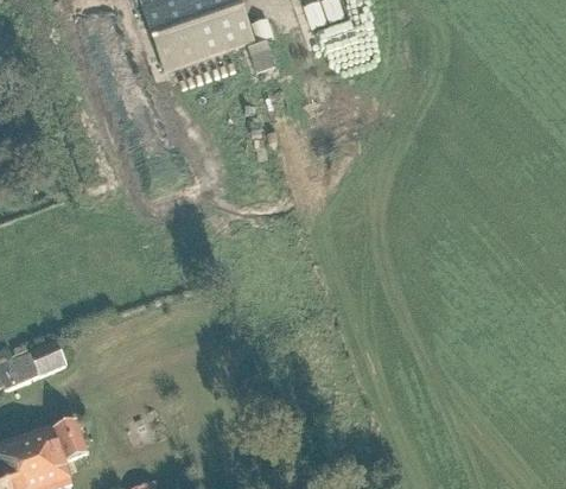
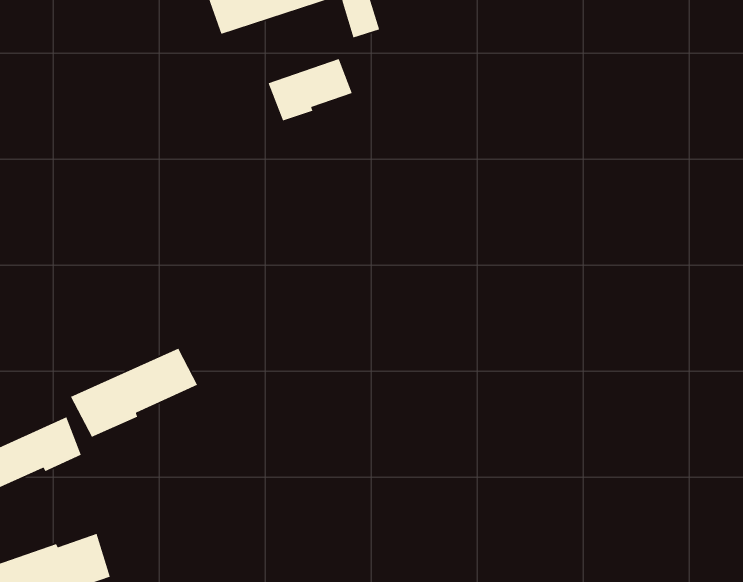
building: none -> [267,58,353,122]
building: none -> [70,348,198,438]

